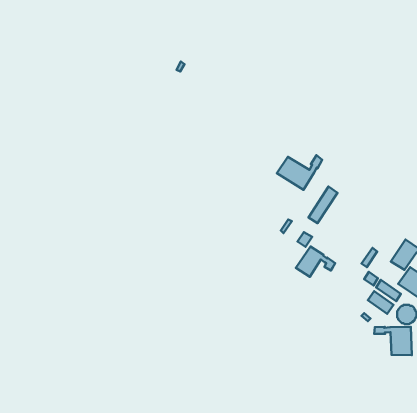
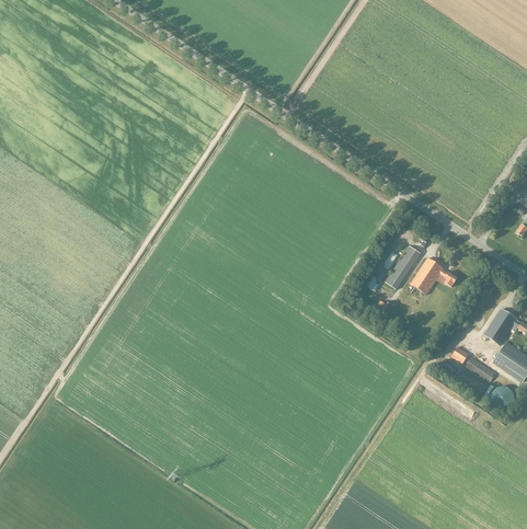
building: [277,155,322,190] -> none
building: [296,247,335,277] -> [410,257,457,294]
building: [374,327,412,355] -> none

